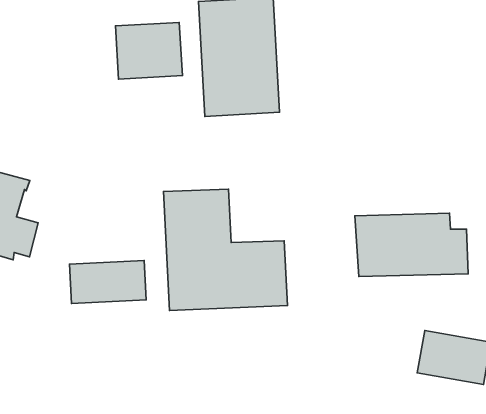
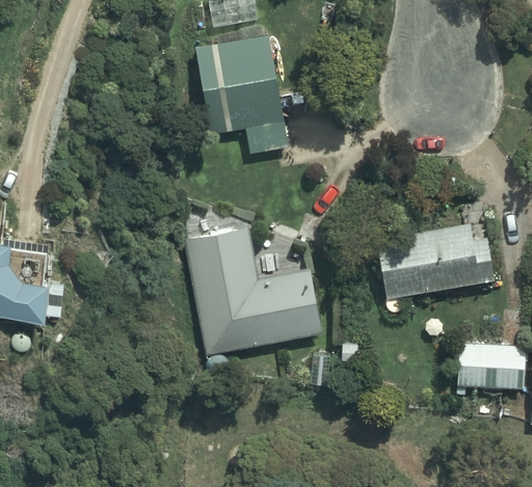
building: [116,22,182,79] -> none
building: [69,260,146,303] -> none

